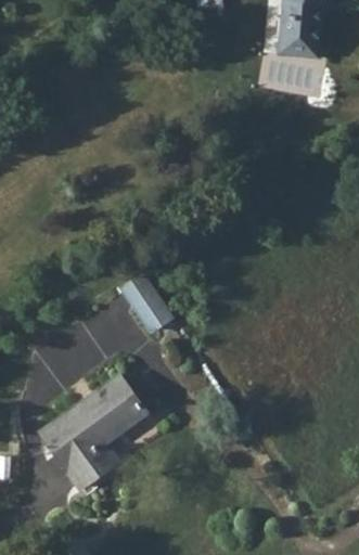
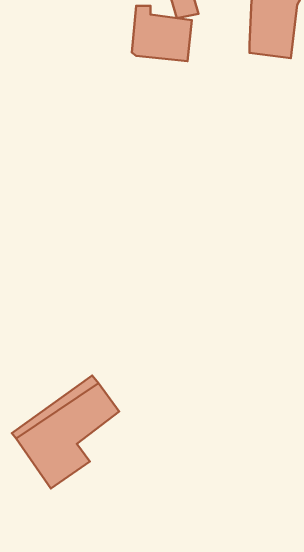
building: [261,44,321,100] -> [132,6,192,61]
building: [124,271,176,332] -> none

